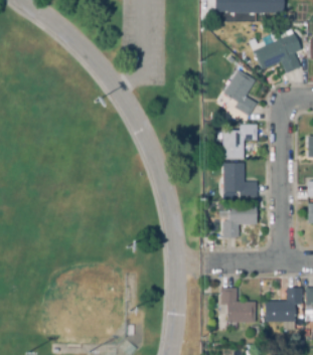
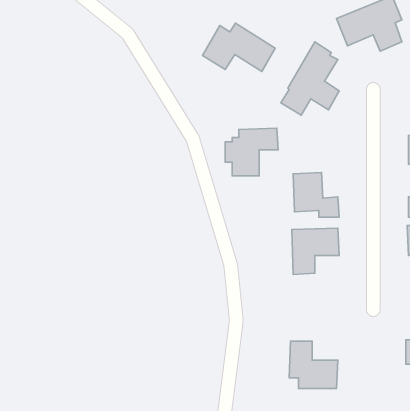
building: none -> [202,23,275,72]
building: [218,125,258,160] -> [225,128,278,176]
building: [265,289,302,329] -> none

